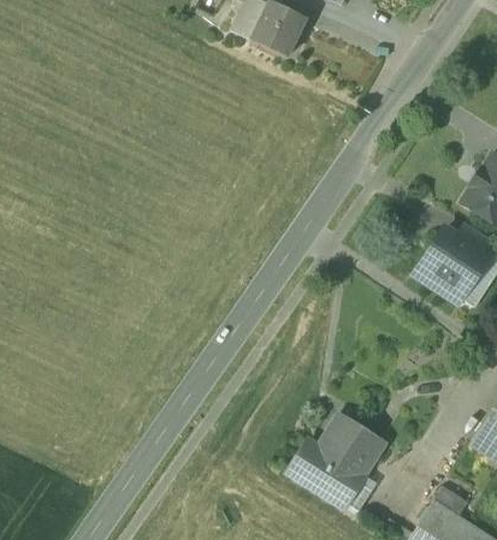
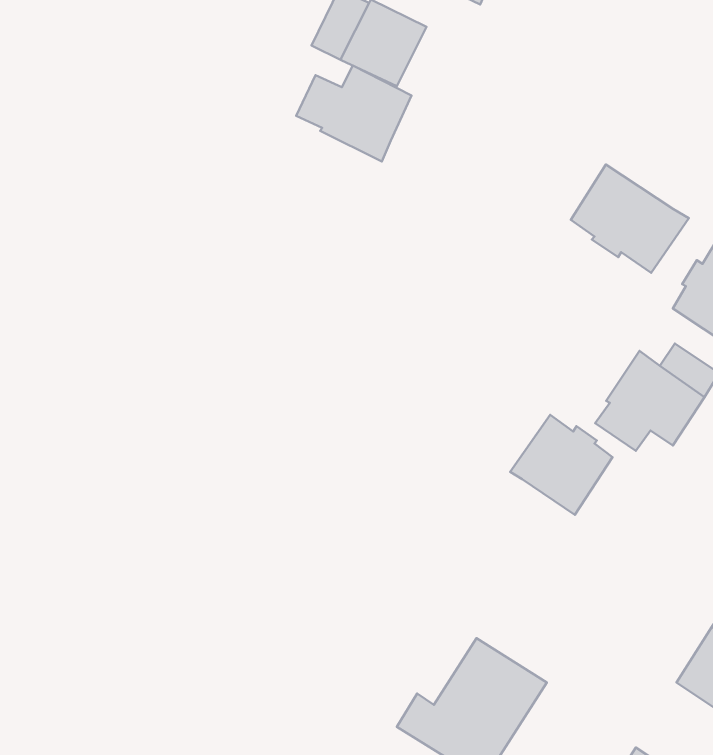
building: none -> [296,66,412,162]
building: none -> [571,164,689,273]
building: none -> [510,415,613,515]

